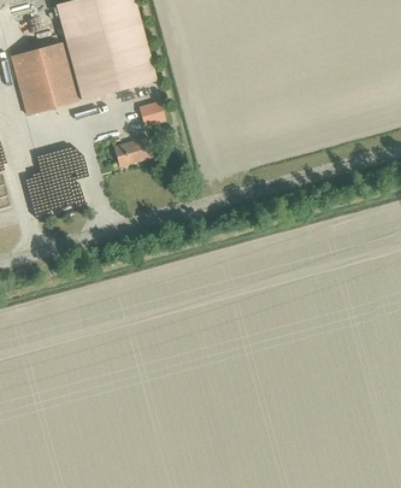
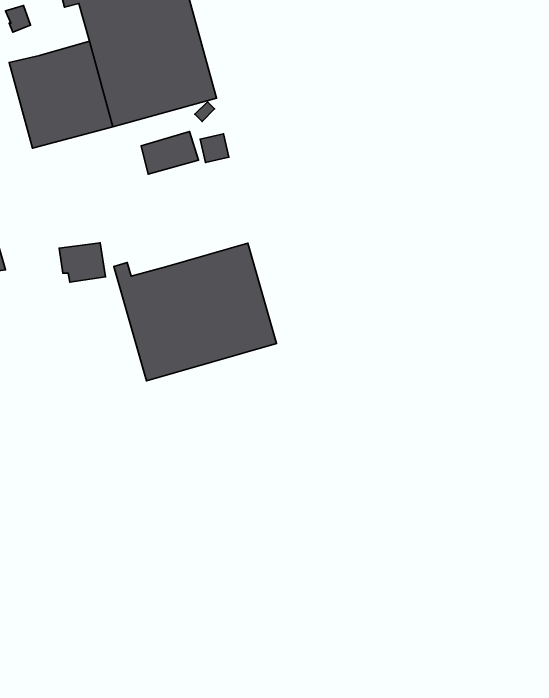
building: [116,136,154,165] -> [141,131,198,174]
building: none -> [114,243,276,381]

